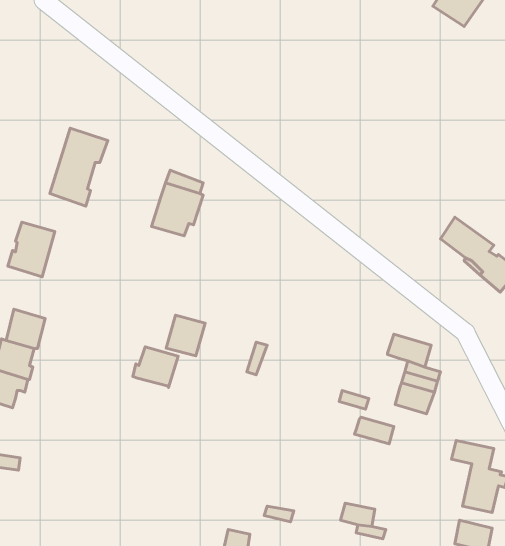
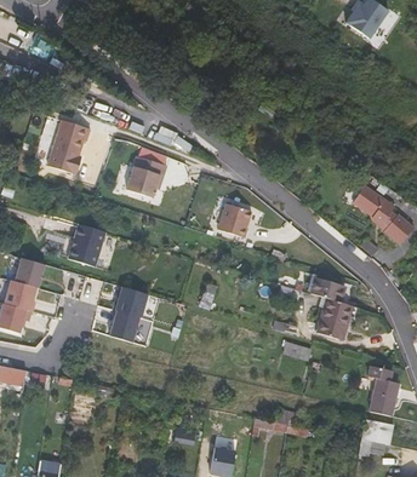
building: [8,222,55,277] -> [67,223,103,265]
building: none -> [218,206,251,241]
building: [166,315,205,356] -> [109,310,139,341]

